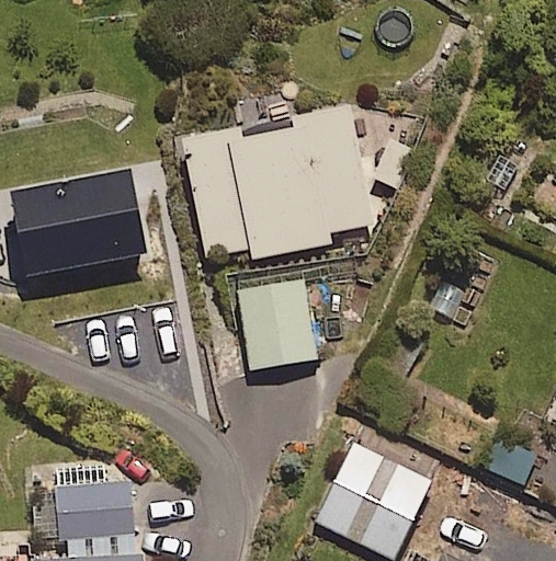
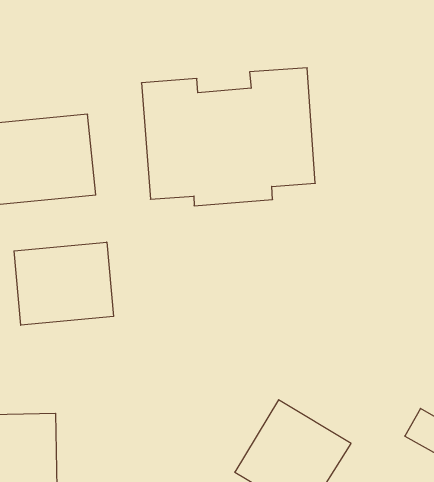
building: [239,278,314,367] -> none
building: none -> [14,242,114,325]

